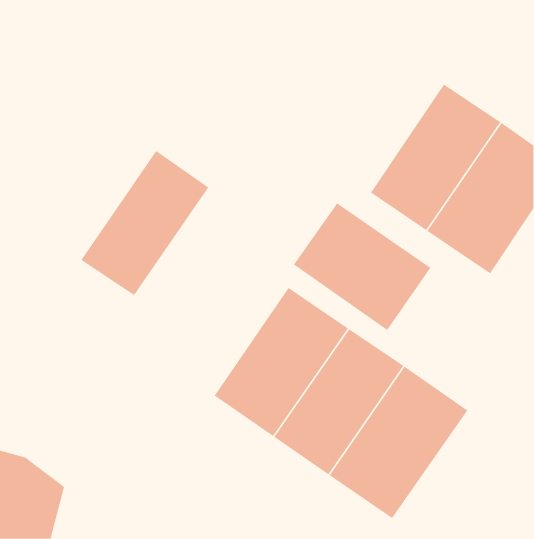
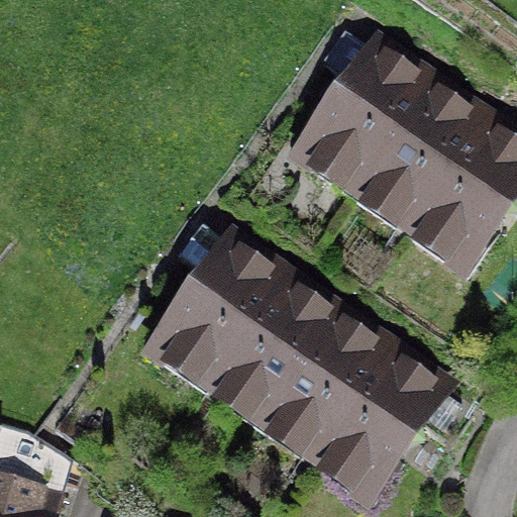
building: none -> [296,41,421,183]
building: [80,150,209,296] -> [151,237,274,376]
building: [293,203,431,331] -> none

